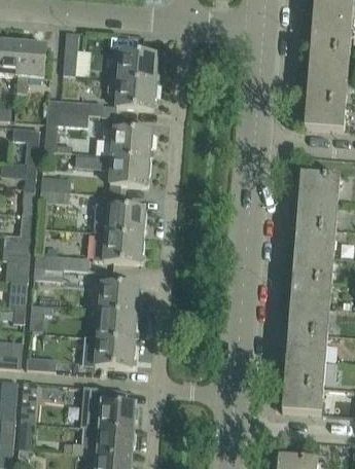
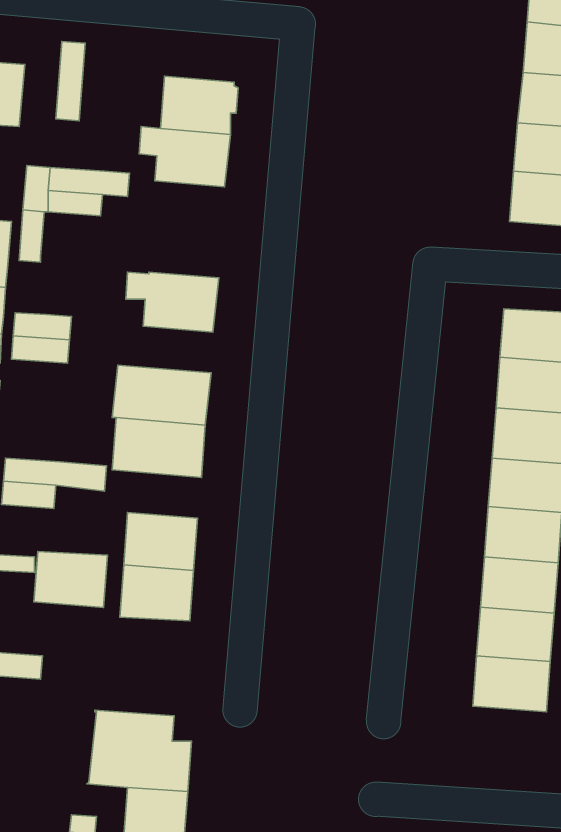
building: [103,127,151,157] -> none
building: [95,337,134,367] -> [34,551,108,608]
building: [282,385,323,413] -> none

